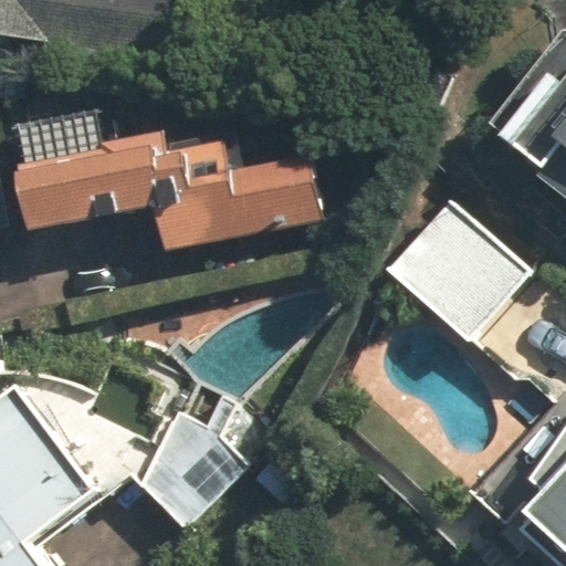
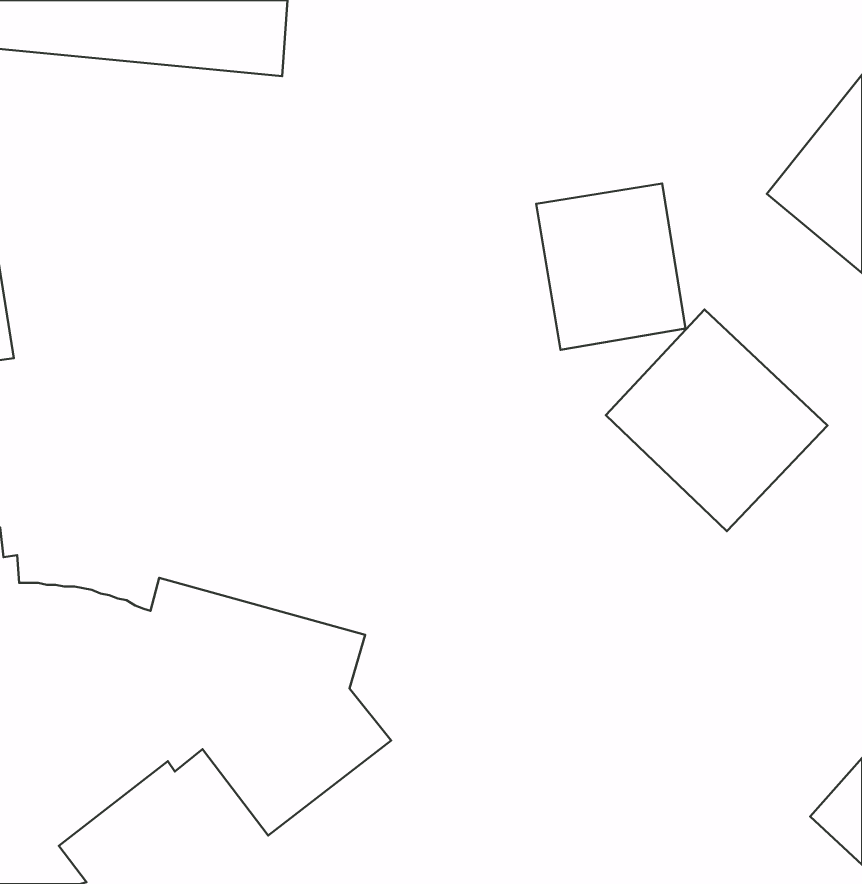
building: none -> [536,184,685,350]
building: [24,130,329,245] -> none

